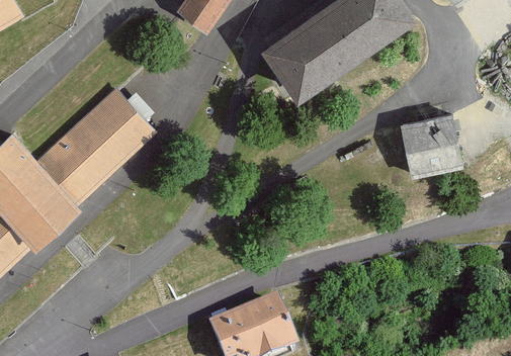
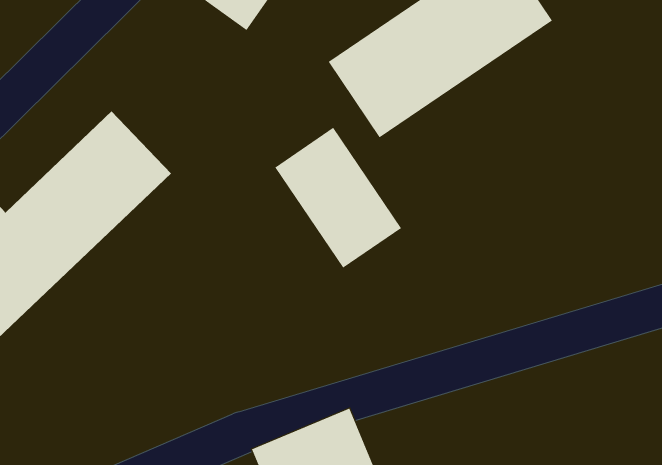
building: none -> [274,127,402,268]
building: [400,115,462,178] -> none

